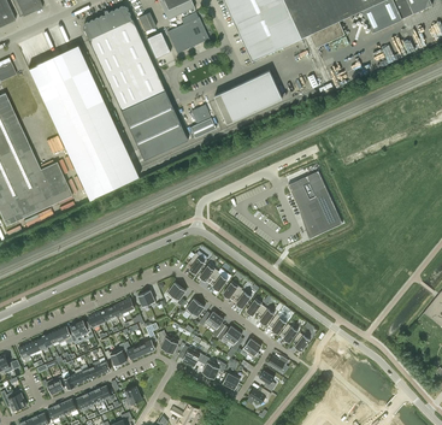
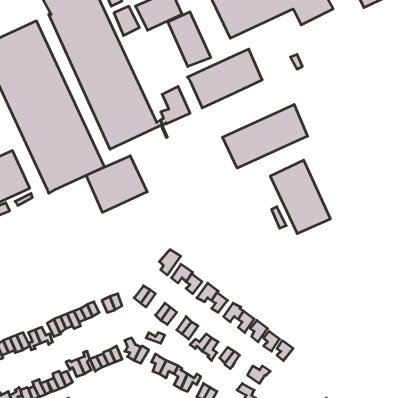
building: none -> [168,12,211,67]
building: none -> [222,104,308,168]
building: none -> [86,156,147,212]

